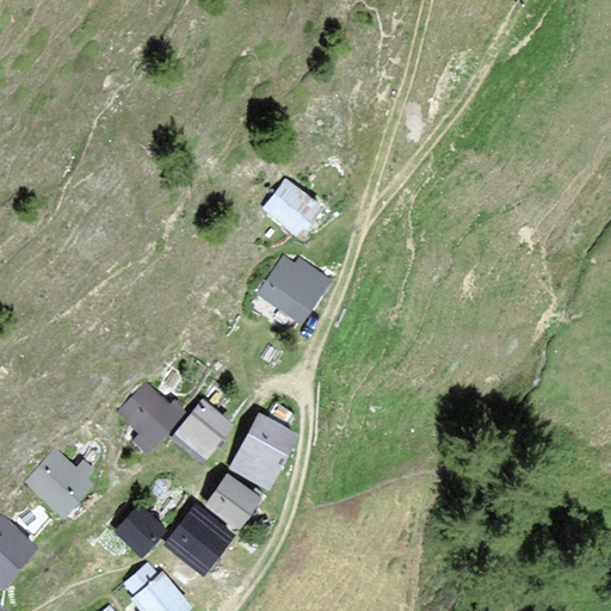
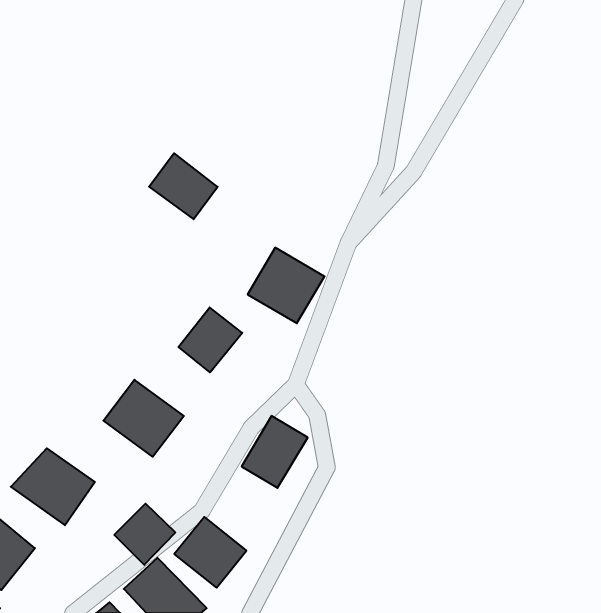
building: [253,172,321,237] -> [149,153,218,219]
building: [172,399,235,463] -> [178,307,242,372]
building: [209,470,272,530] -> none

